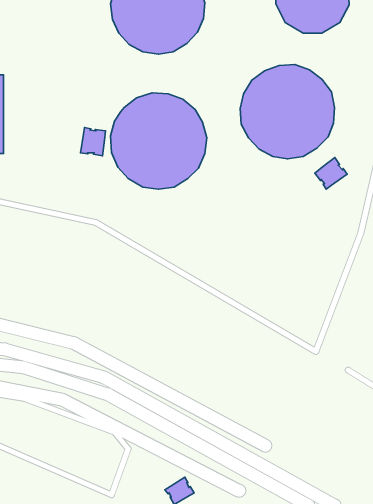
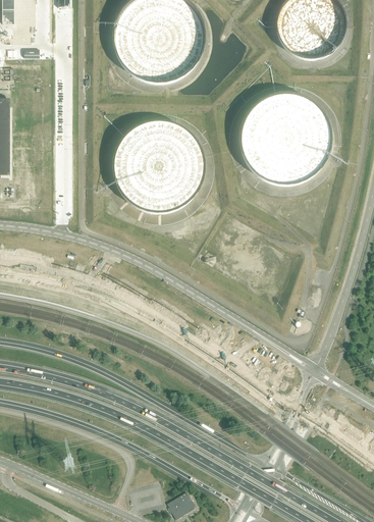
building: [80,127,106,156] -> none
building: [315,157,347,189] -> none

